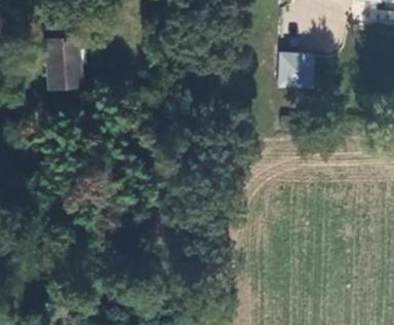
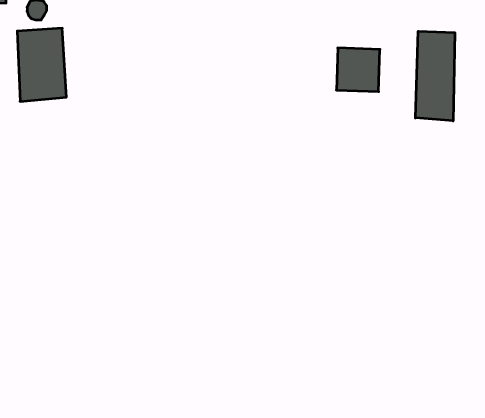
building: none -> [415,31,455,121]

